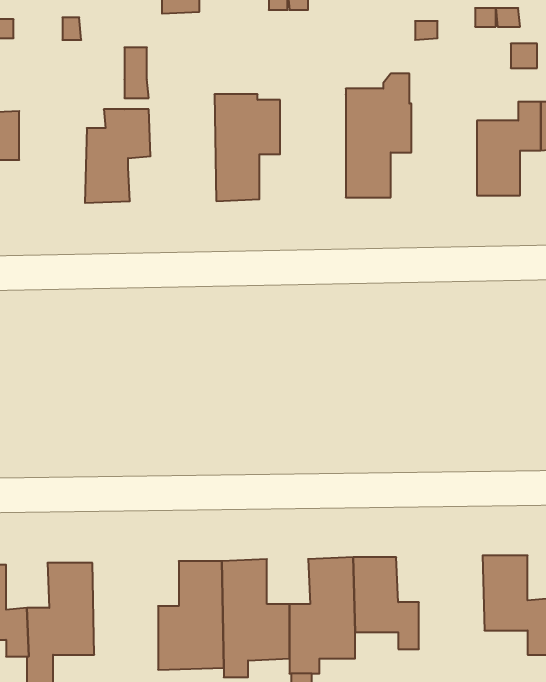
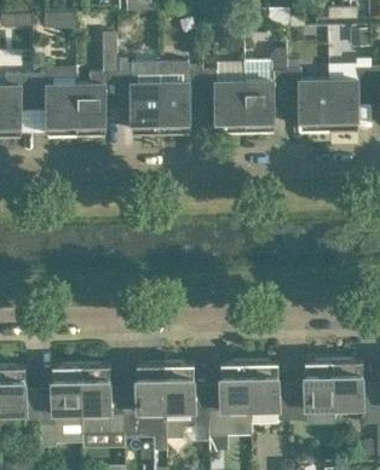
building: none -> [287,62,329,129]
building: none -> [117,63,161,132]
building: none -> [202,63,244,130]
building: none -> [34,69,77,133]
building: none -> [292,360,334,420]
building: none -> [81,364,123,434]

